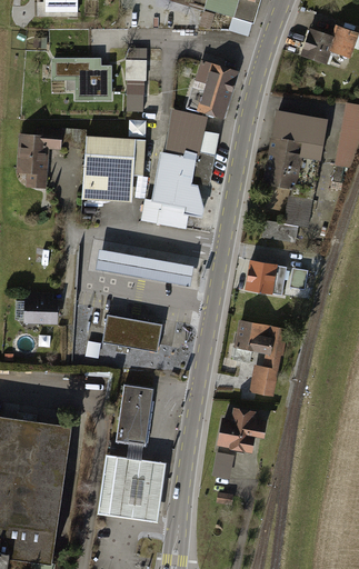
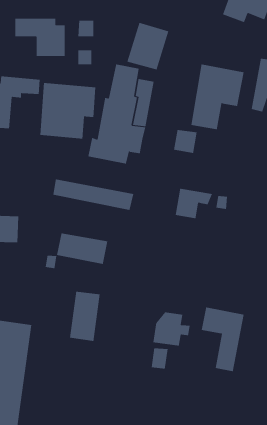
building: [282,198,311,227] -> [173,129,197,154]
building: [232,321,285,399] -> [201,307,244,372]
building: [94,455,164,522] -> none

